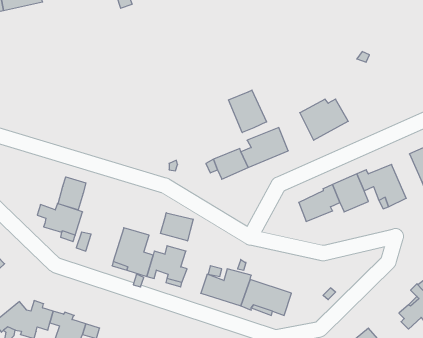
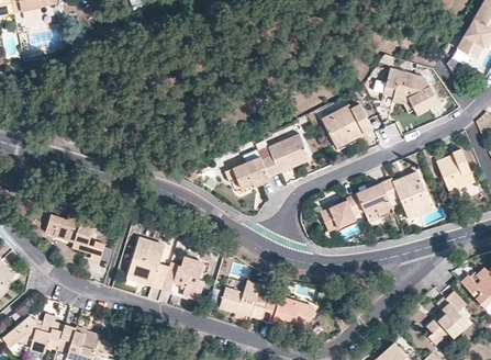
building: none -> [383,68,438,114]
building: [228,90,267,133] -> none
building: [58,177,86,210] -> none
building: [160,213,193,241] -> none

